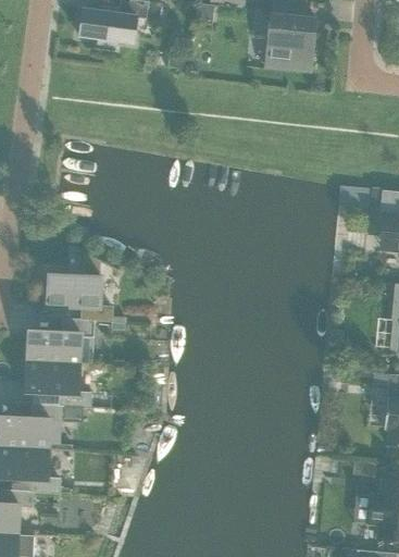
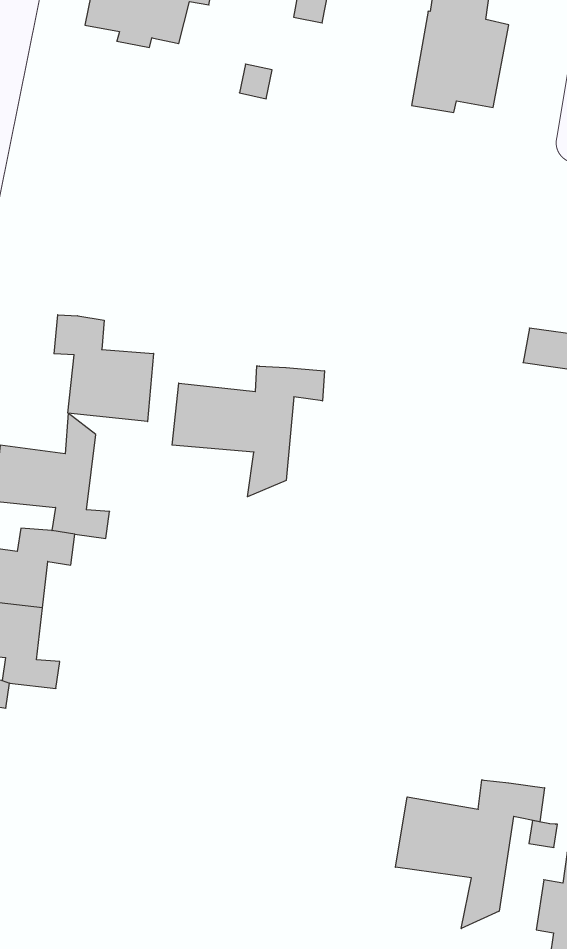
building: none -> [54,315,154,422]
building: none -> [172,366,324,497]
building: none -> [395,780,545,929]

